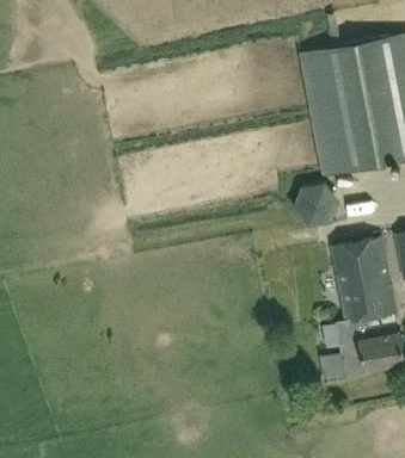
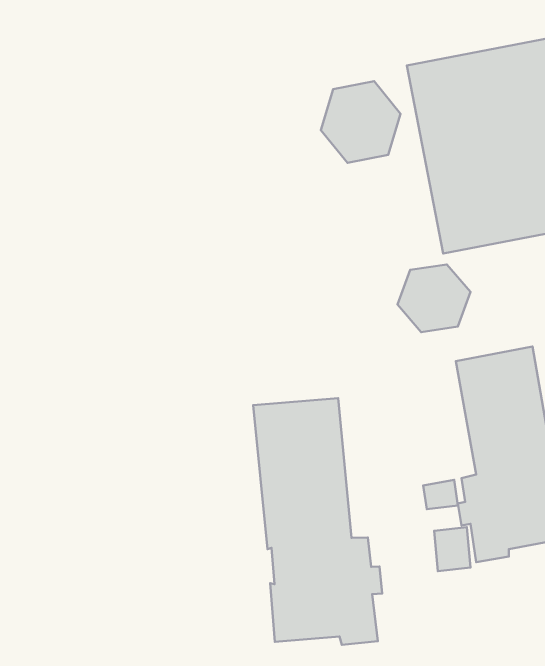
building: none -> [321,81,401,163]
building: none -> [253,398,382,645]

